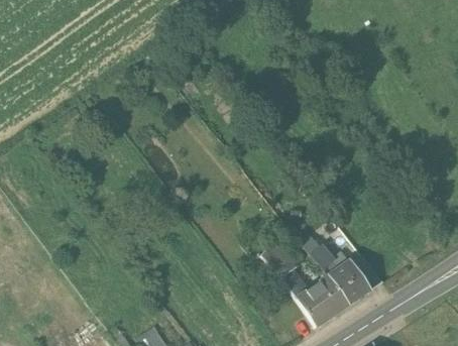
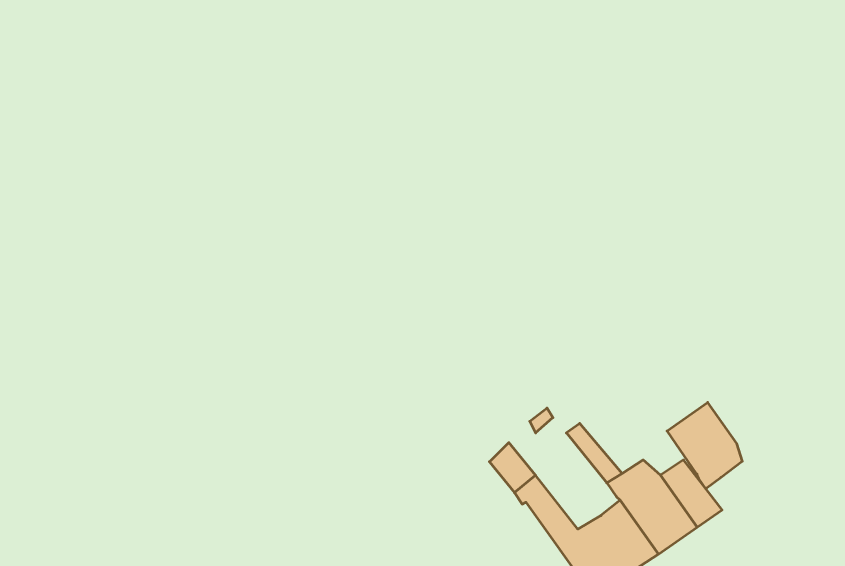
building: none -> [667,402,742,489]

